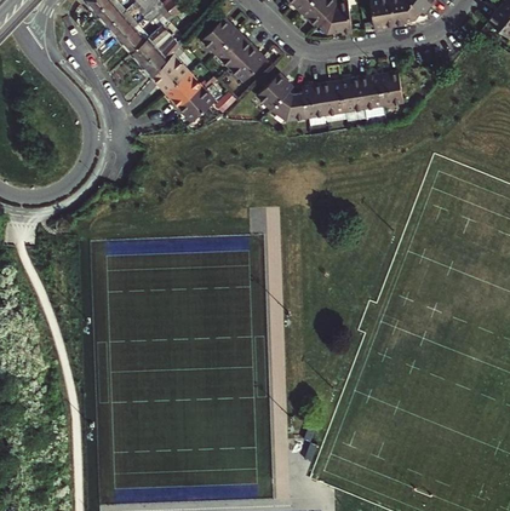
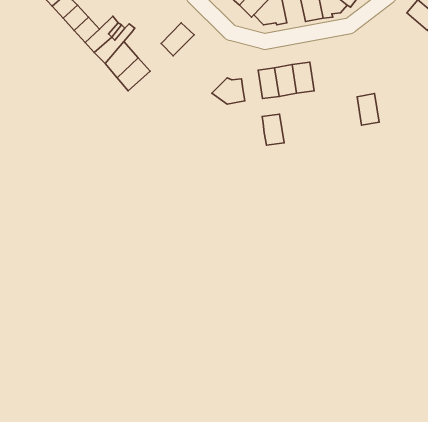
building: [200,17,236,54] -> none
building: [228,45,265,82] -> none
building: [378,71,402,107] -> [357,93,379,125]
building: [256,73,292,109] -> none
building: [178,82,222,120] -> none
building: [302,84,326,117] -> [262,114,284,145]

